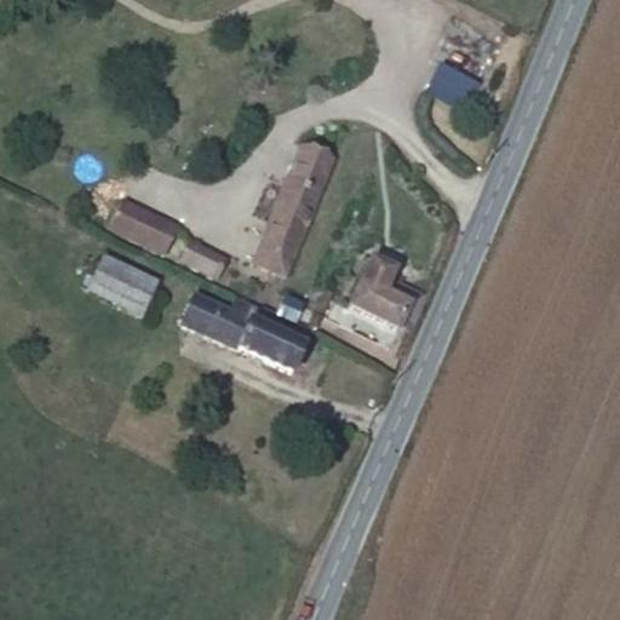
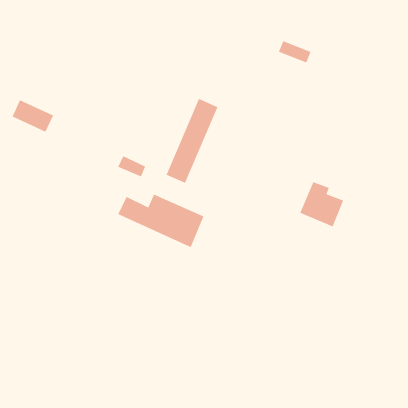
building: [110,194,174,245] -> [11,99,54,133]
building: [346,260,414,331] -> [299,181,344,228]
building: [93,264,148,310] -> none

